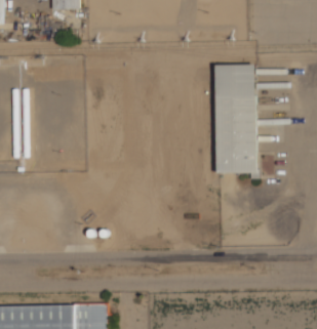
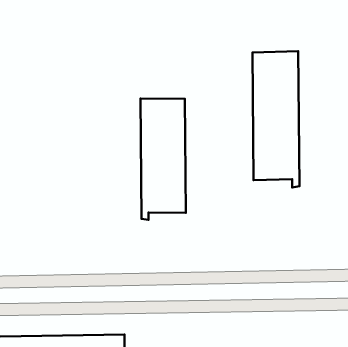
building: none -> [140,98,186,220]

